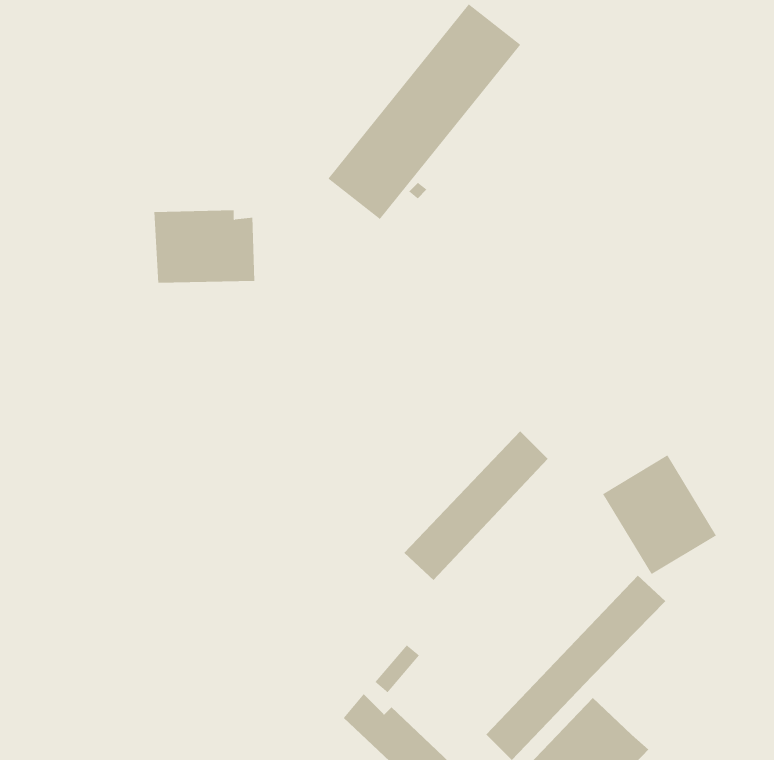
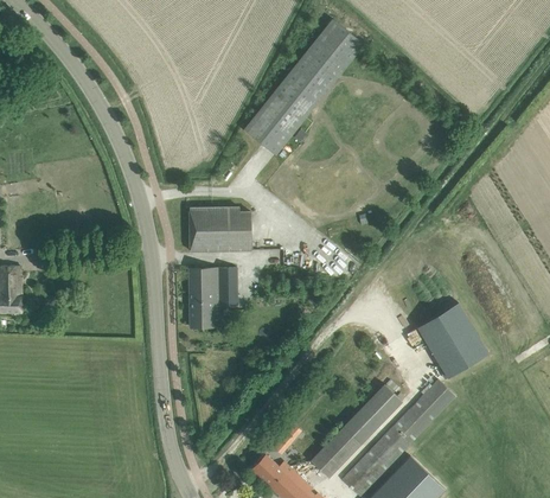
building: [154,210,255,283] -> [188,205,252,251]
building: none -> [190,267,238,327]
building: [404,431,548,581] -> [311,383,402,478]

